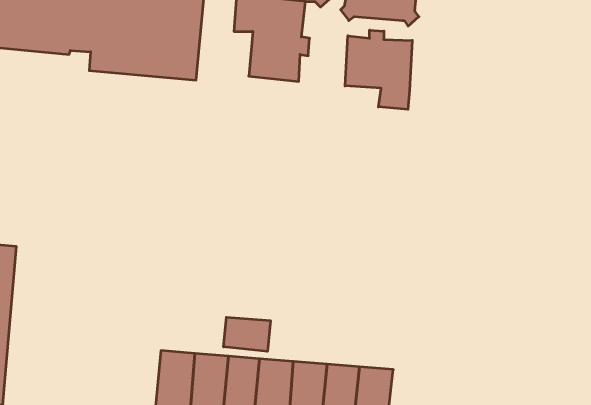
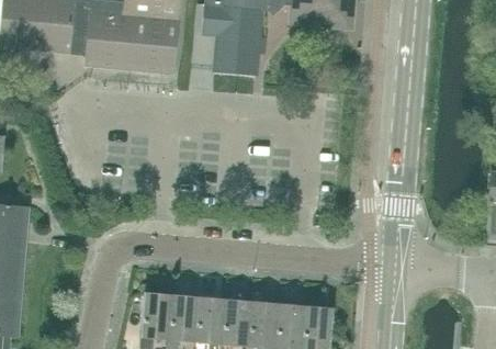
building: [345,30,412,109] -> none
building: [224,317,270,351] -> none

